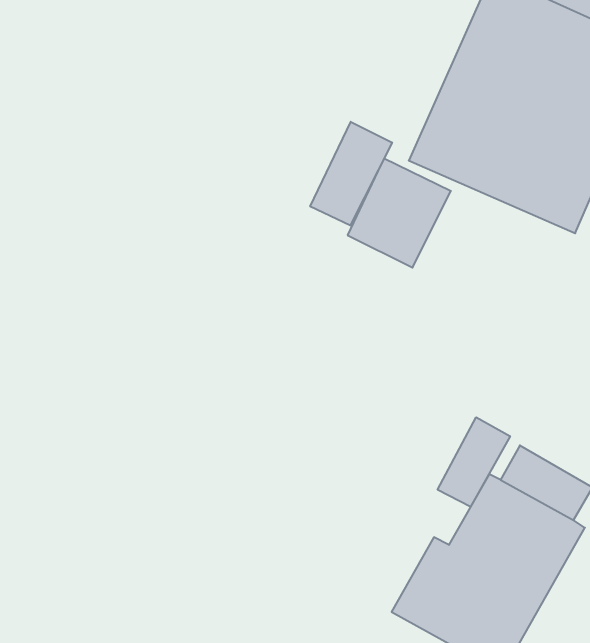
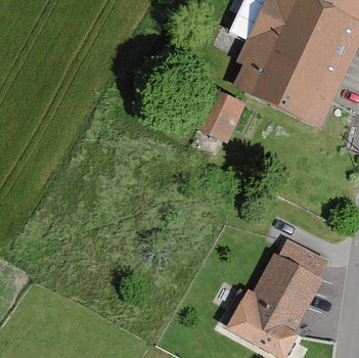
building: [310,122,392,225] -> none
building: [438,417,510,507] -> none

